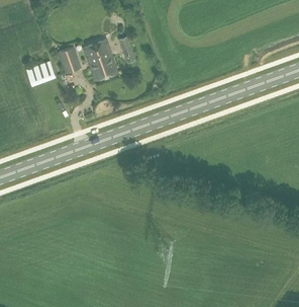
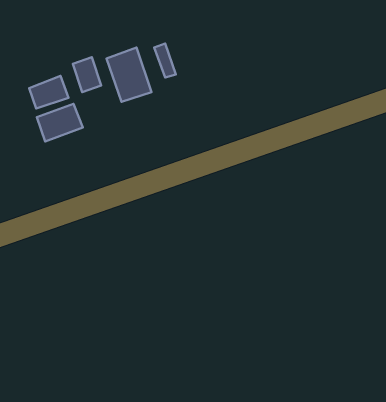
building: none -> [37,104,83,142]

